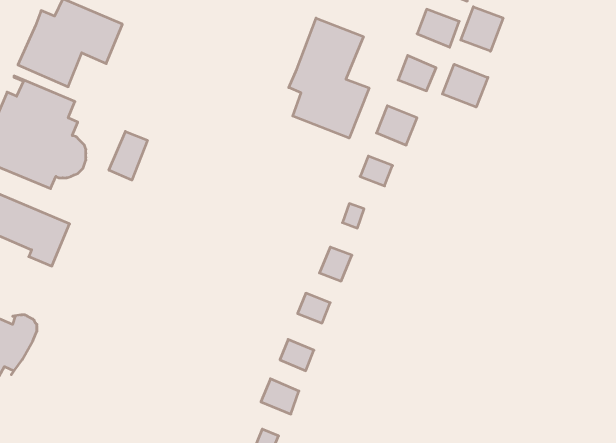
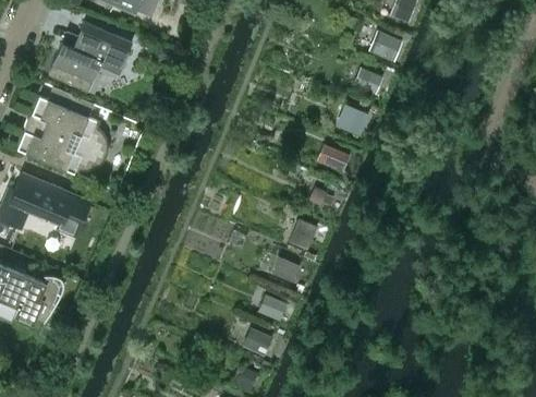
building: [461,7,503,51] -> none
building: [289,18,369,138] -> none
building: [442,64,488,107] -> none
building: [109,131,147,180] -> none

